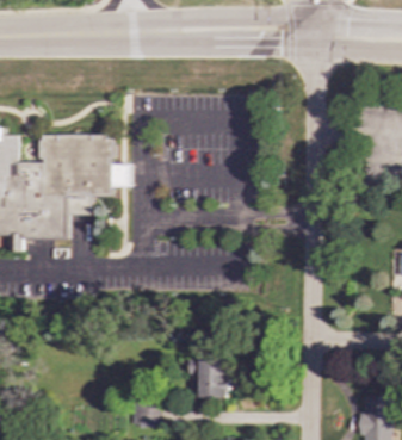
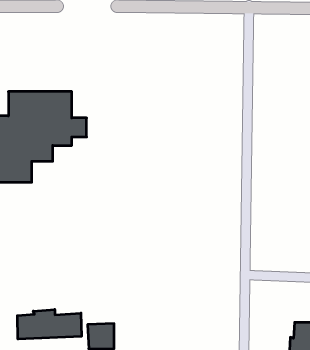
building: [187,359,227,398] -> none
building: none -> [17,309,81,339]

